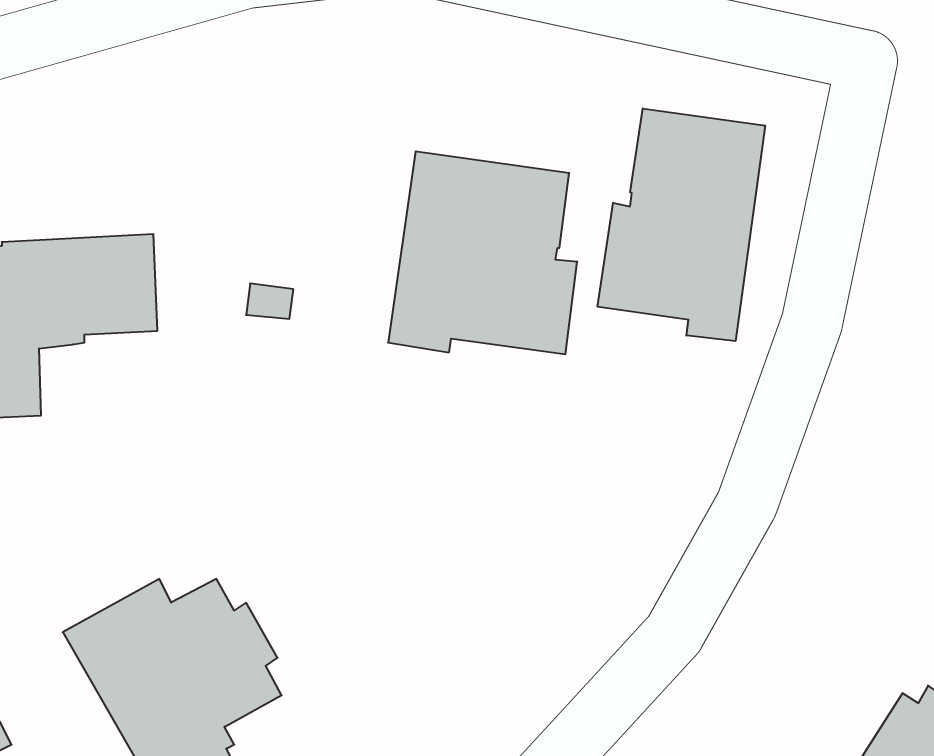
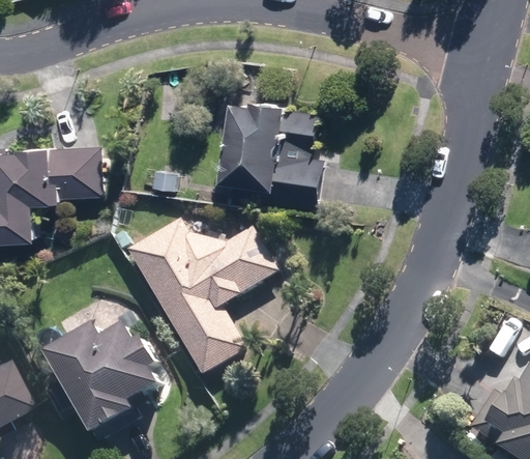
building: [598,108,765,341] -> none
building: none -> [125,220,276,376]

